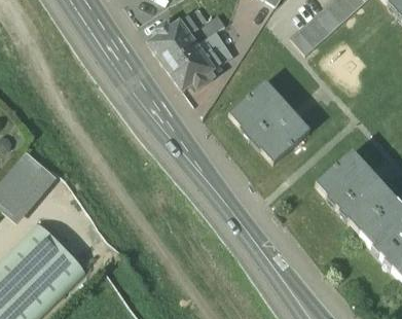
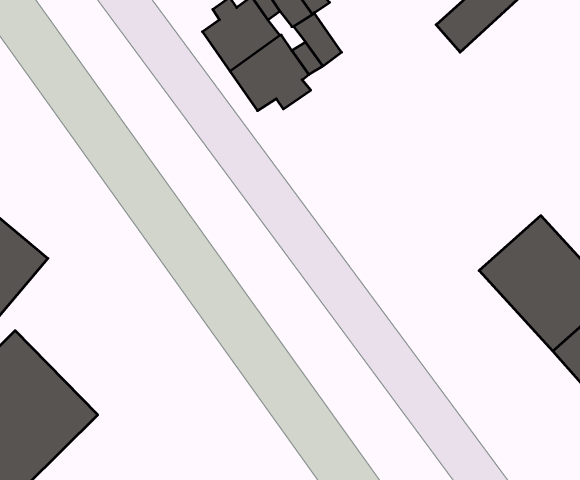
building: [229,80,310,163] -> none

